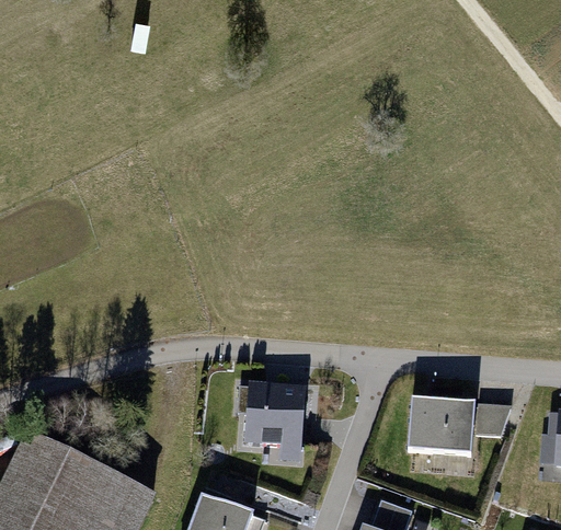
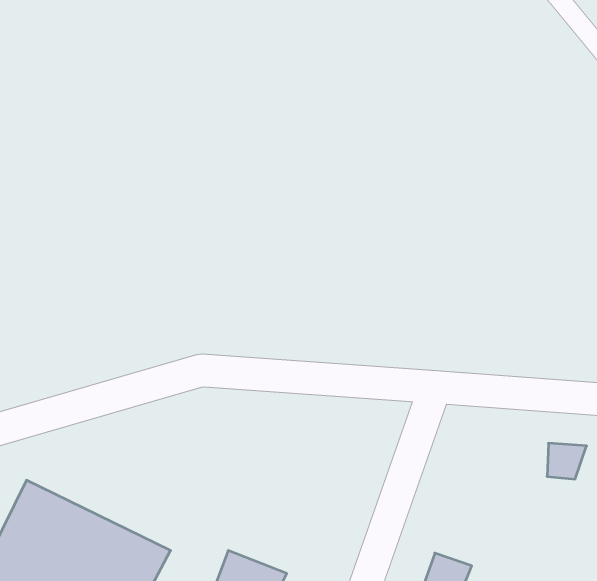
building: [239,385,304,445] -> none
building: [409,399,476,453] -> none

